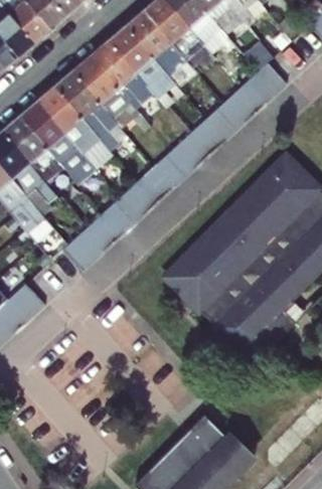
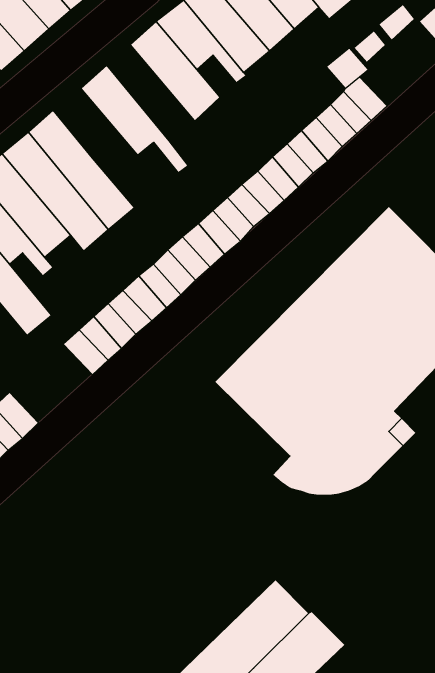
building: [92,41,152,108] -> none
building: [54,71,113,124] -> none

